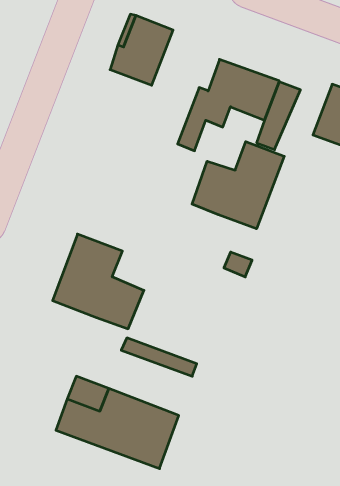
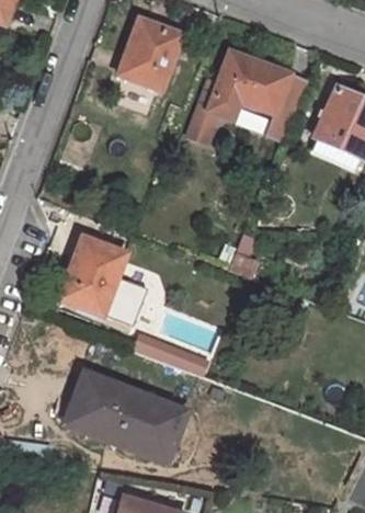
building: [192,142,284,229] -> none

